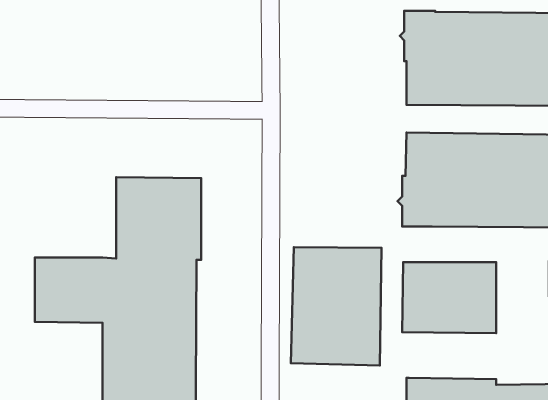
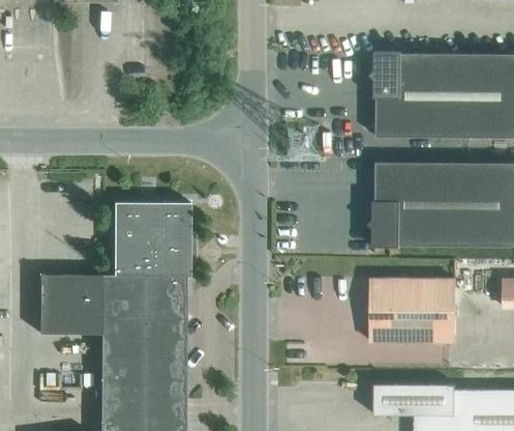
building: [291,247,381,365] -> none

